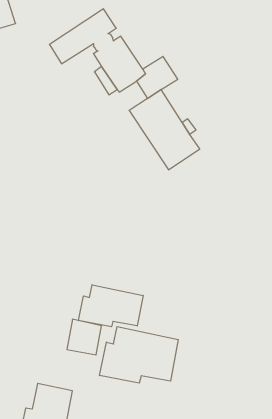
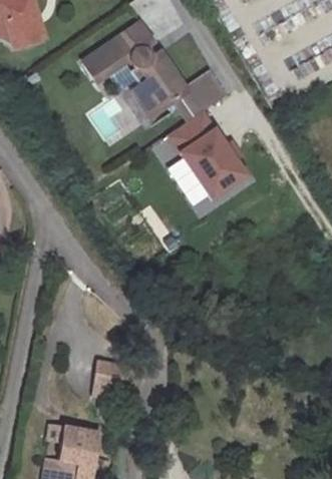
building: [78,285,143,327] -> none
building: [100,327,178,383] -> none

